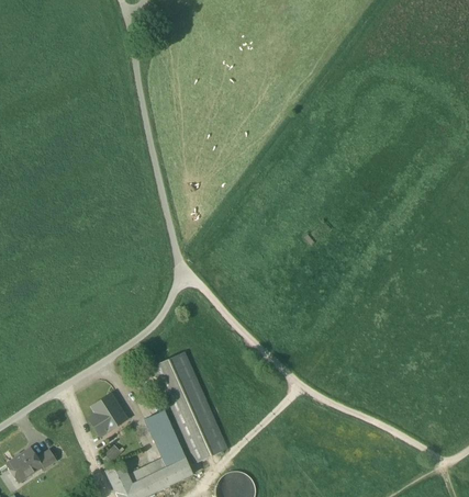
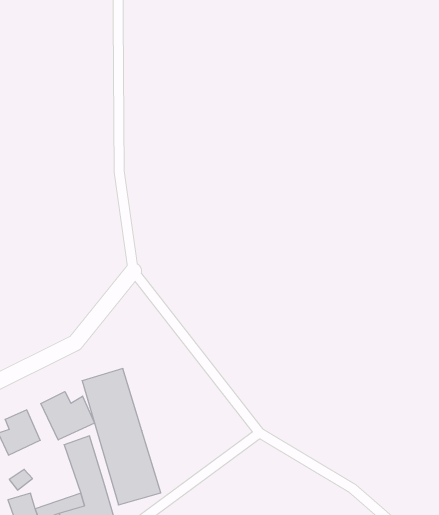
building: none -> [41,392,94,440]

